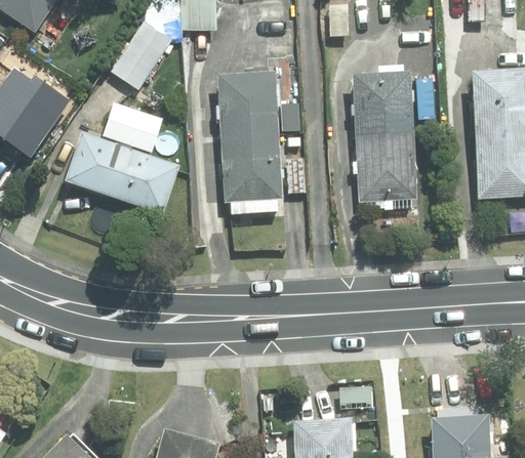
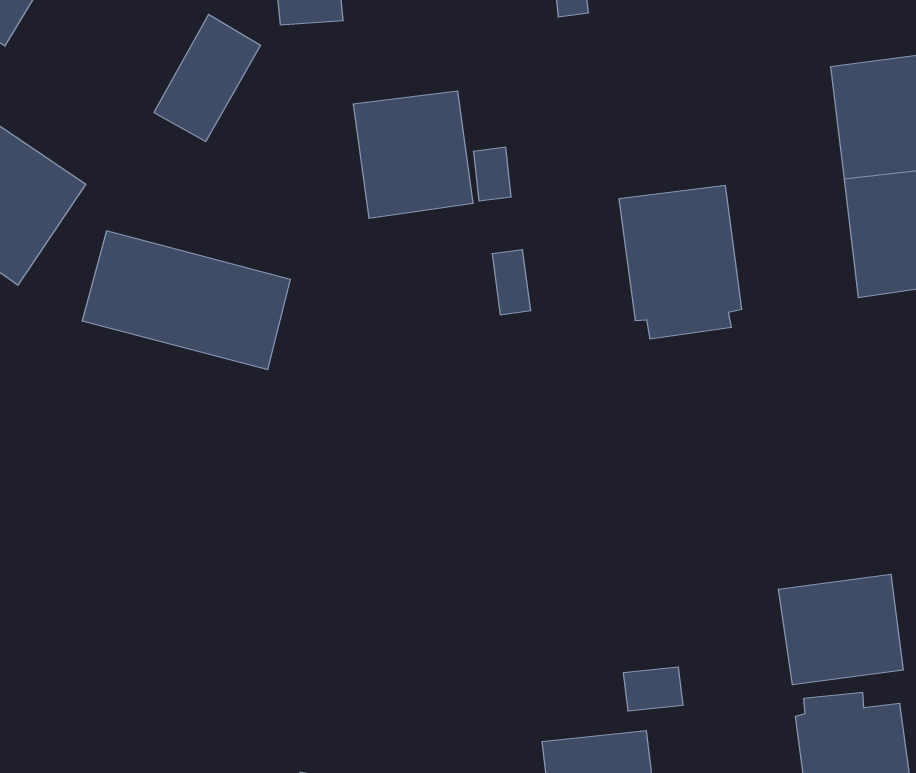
building: [353,72,413,135] -> none
building: [102,102,161,152] -> none
building: [221,132,282,214] -> none
building: none -> [778,574,903,685]

